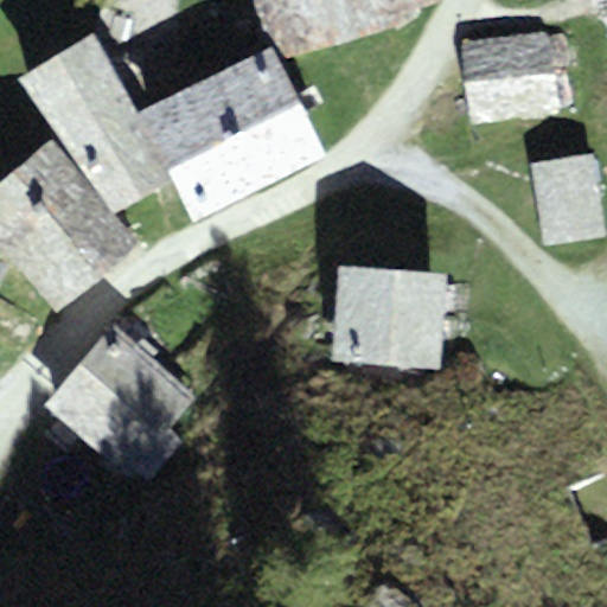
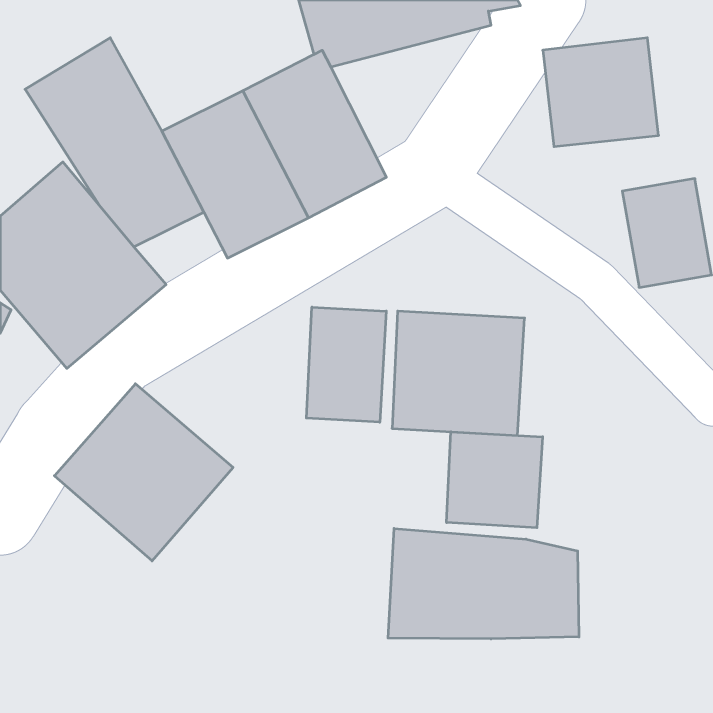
building: none -> [306,307,386,422]
building: none -> [447,432,543,528]
building: none -> [388,528,579,639]

